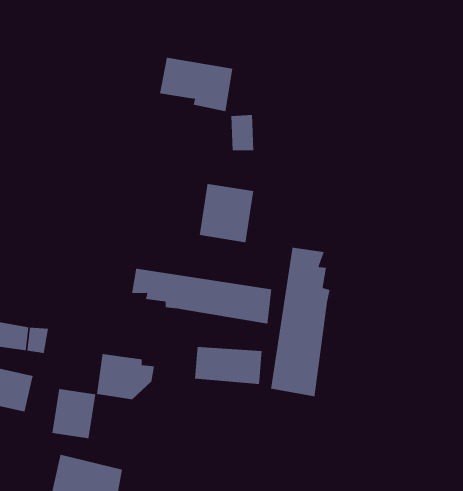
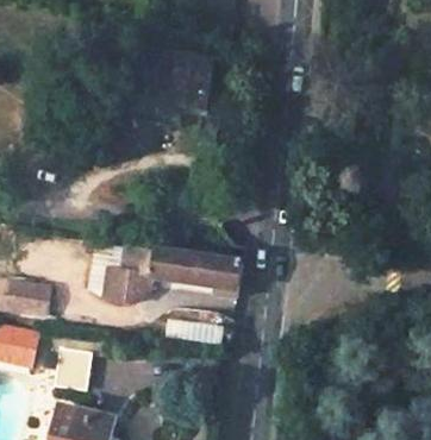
building: [199,183,254,243] -> none
building: [270,247,330,397] -> none
building: [96,354,155,400] -> [110,268,160,307]

